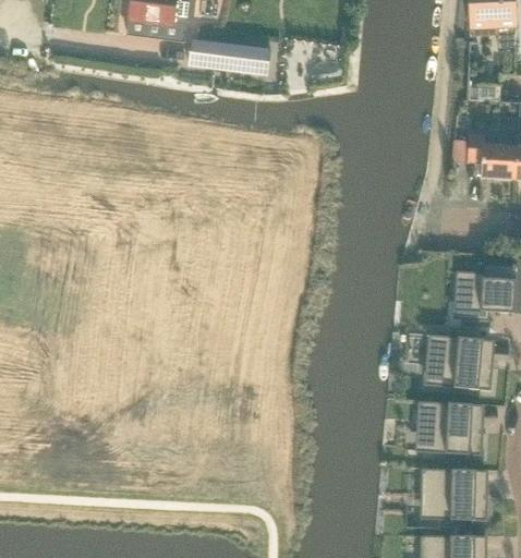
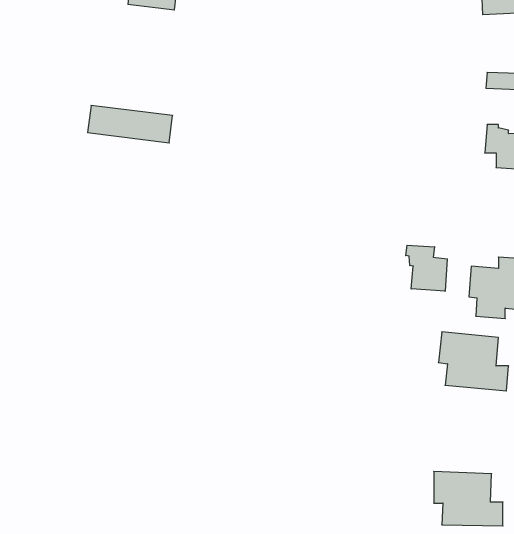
building: [187,38,269,74] -> [88,105,173,143]
building: none -> [406,245,447,291]
building: [416,400,483,453] -> none

